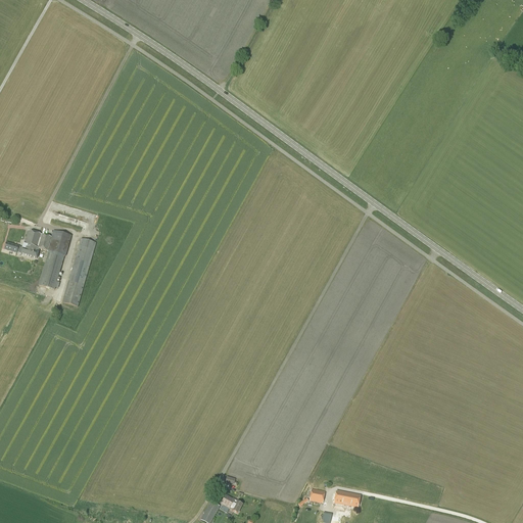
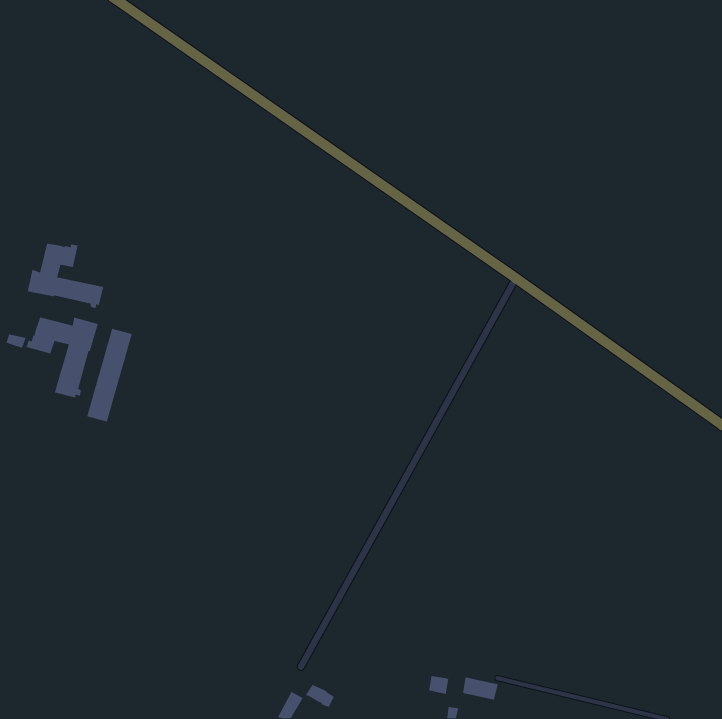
building: none -> [27,243,104,309]

